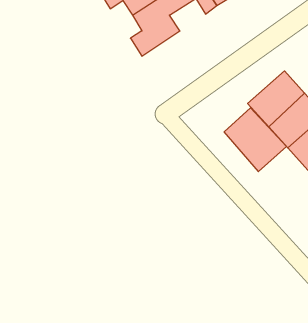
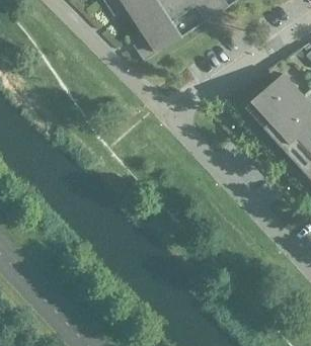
building: [224,108,286,172] -> none

